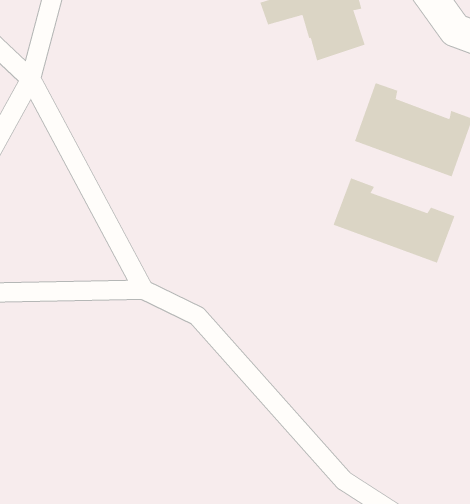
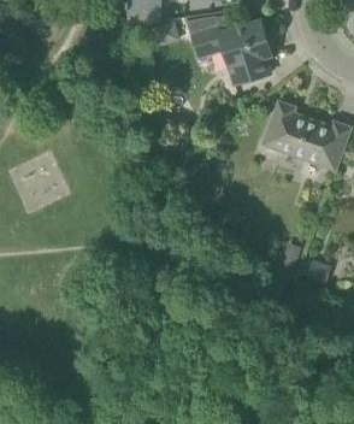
building: [333,177,455,263] -> none

